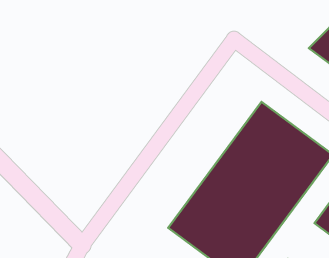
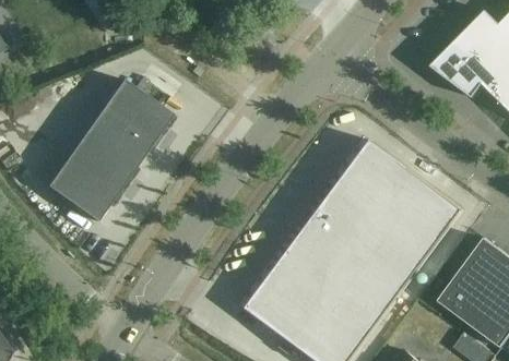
building: none -> [48,79,174,220]

